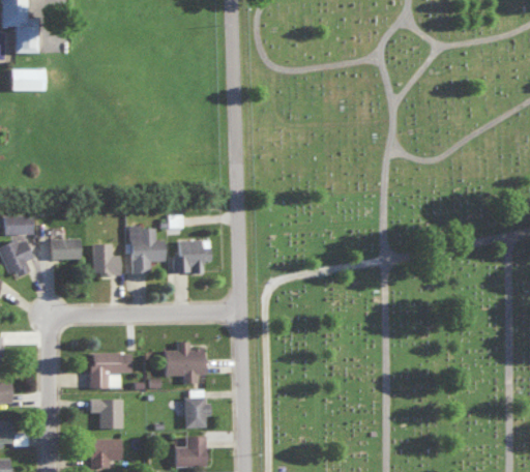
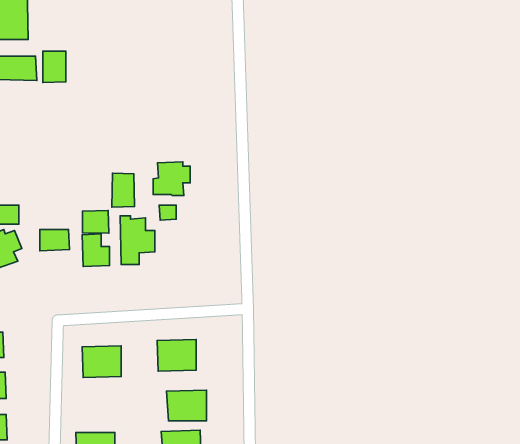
building: none -> [43,51,66,82]
building: none -> [112,173,134,207]
building: none -> [82,210,109,233]
building: [173,240,209,273] -> [153,162,190,196]
building: [88,397,127,429] -> none

